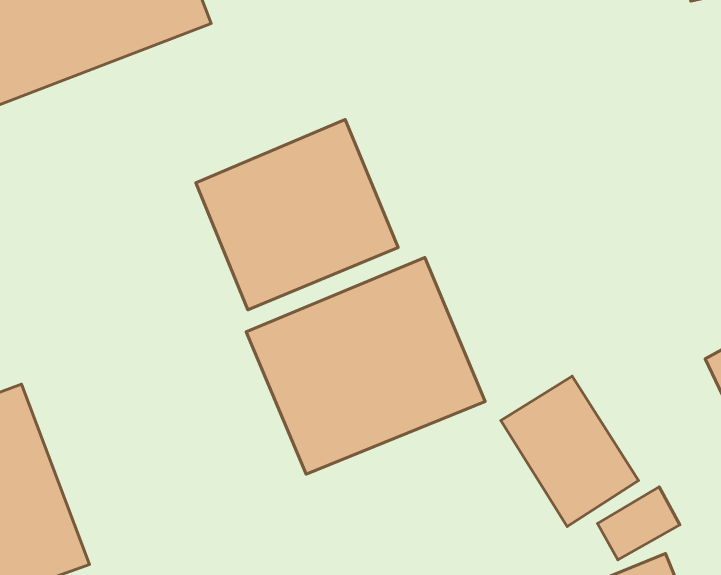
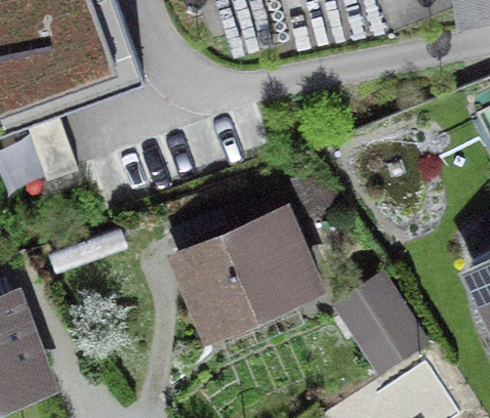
building: [196,119,398,310] -> none

